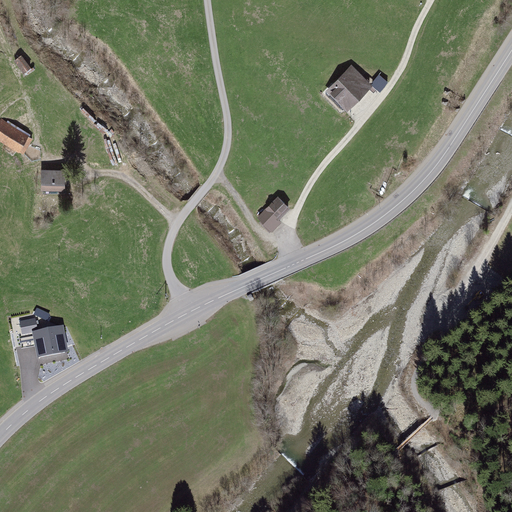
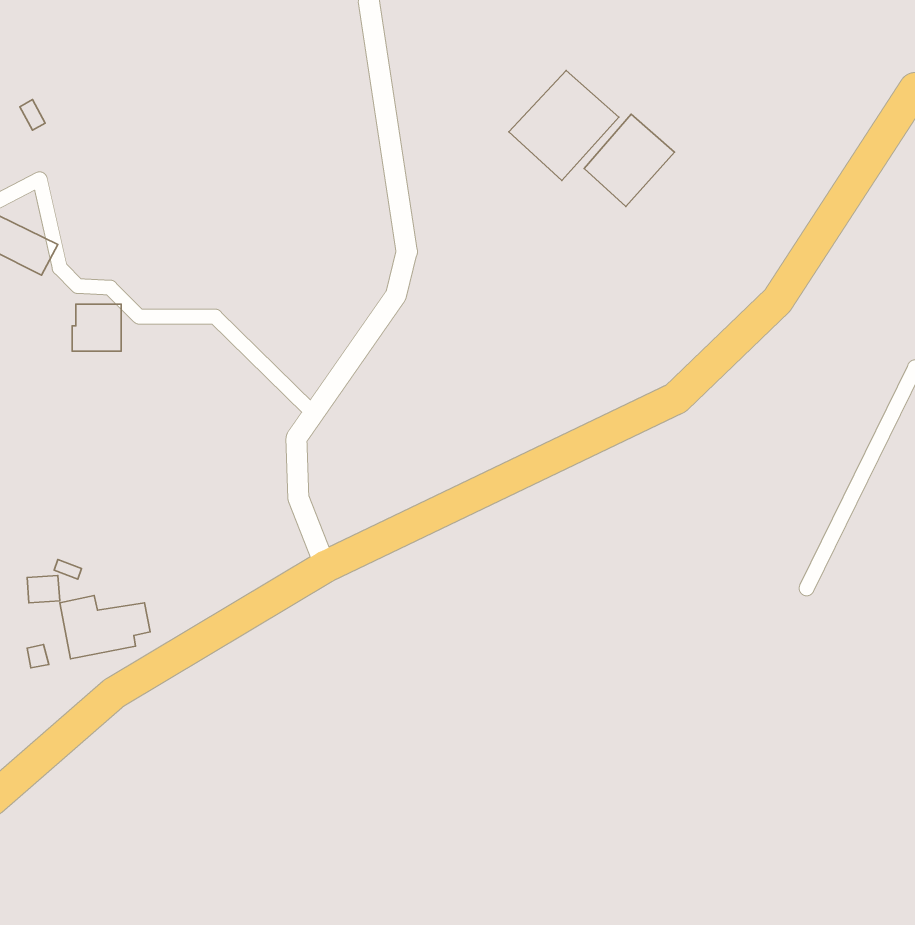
building: none -> [509,71,619,181]
building: [257,196,289,229] -> none

